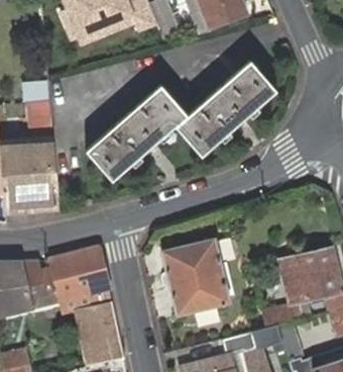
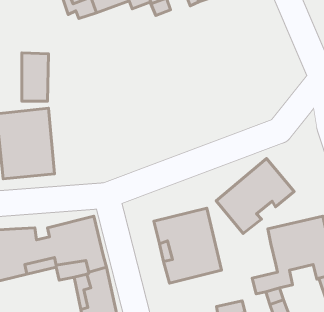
building: [84,61,276,182] -> none
building: none -> [216,158,294,234]

